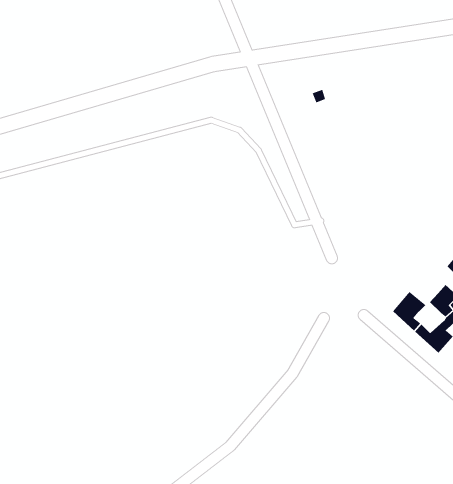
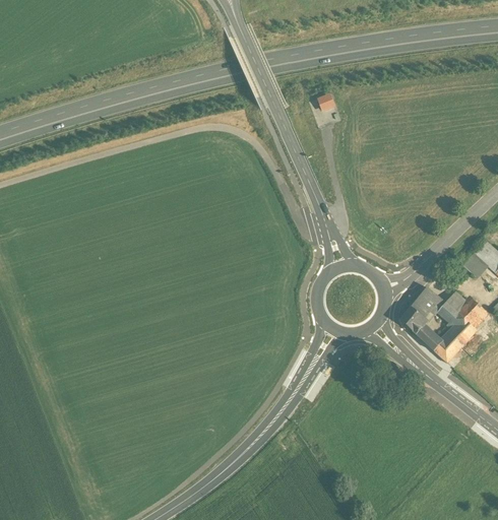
building: none -> [418,287,446,314]

